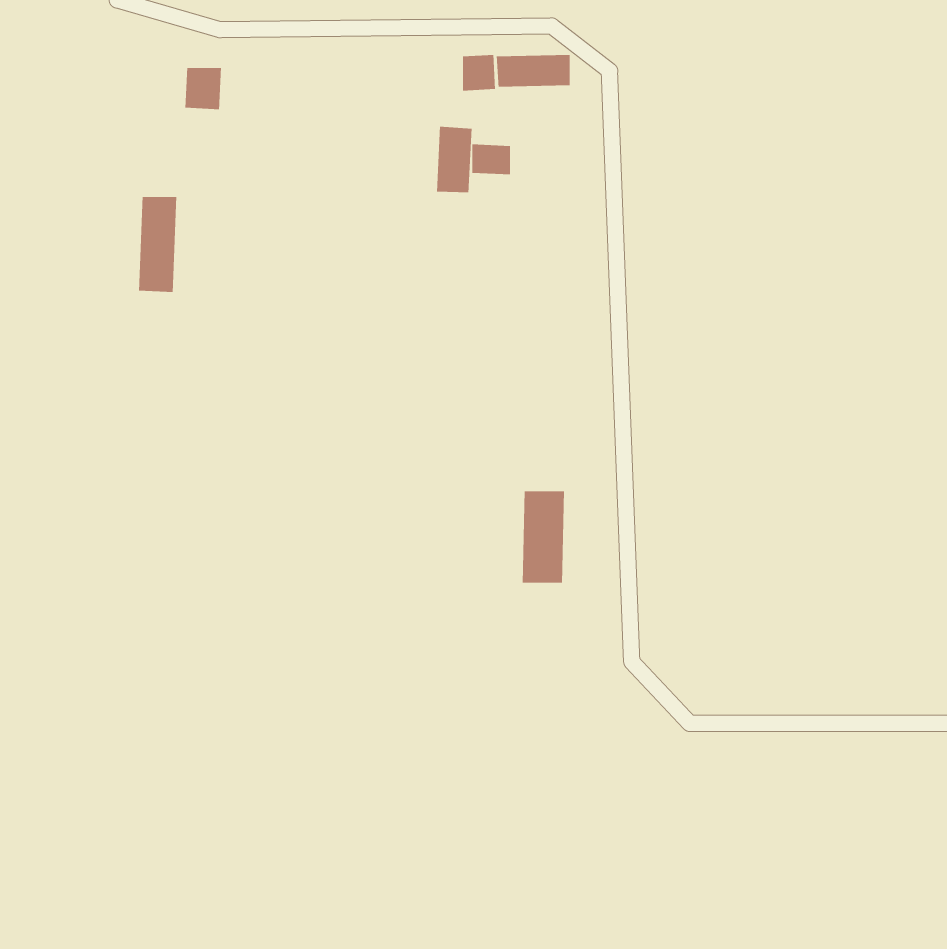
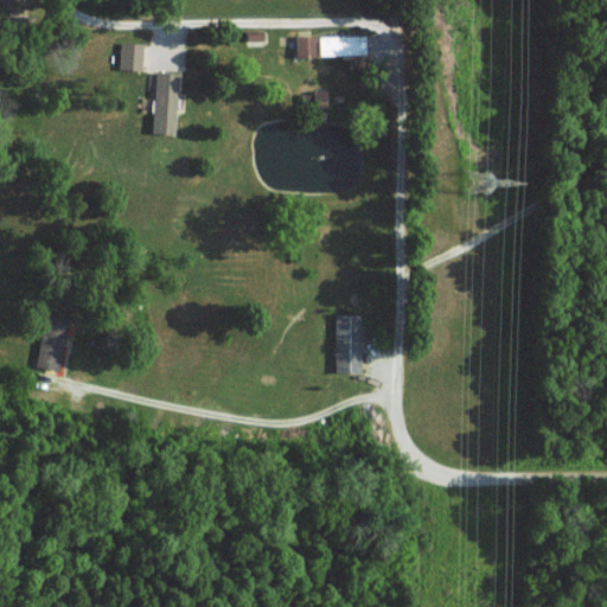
building: [436,126,472,193] -> none
building: [138,196,177,293] -> [154,75,179,136]
building: none -> [37,314,70,372]

